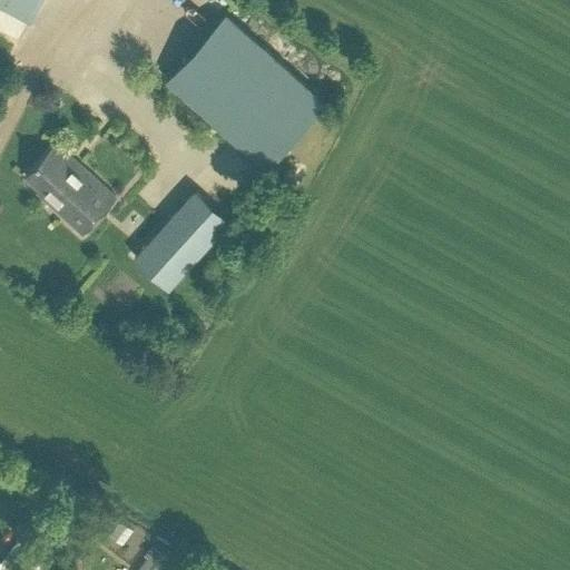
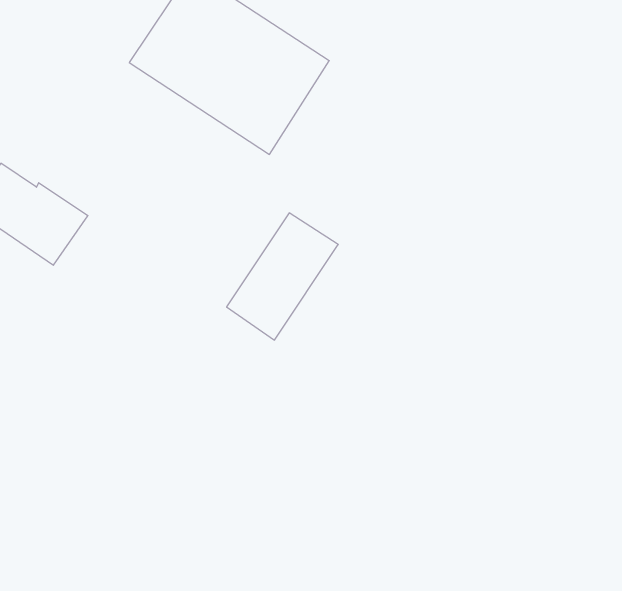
building: [134,193,230,293] -> [227,213,338,340]

